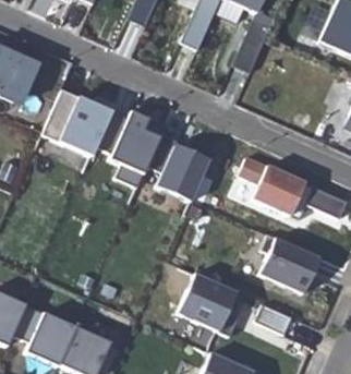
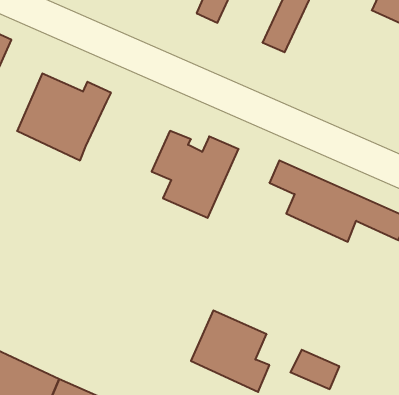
building: [96,110,165,186] -> none
building: [259,233,319,292] -> none

